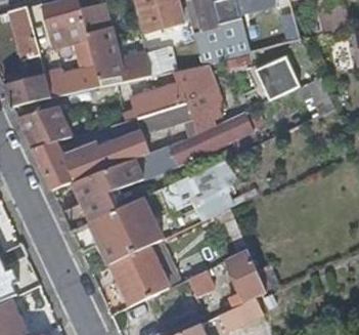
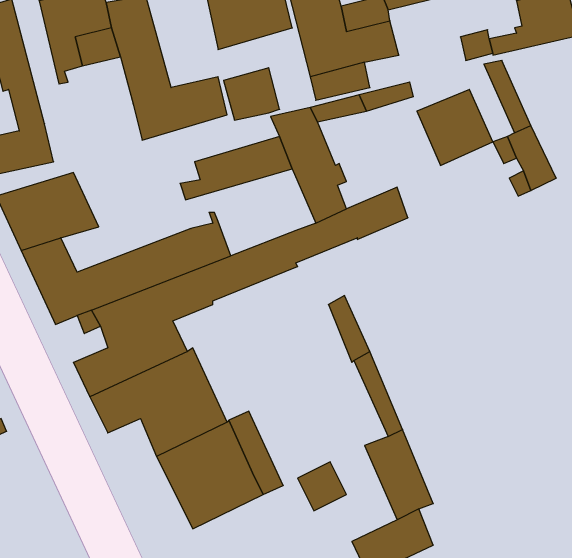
building: [45,66,100,98] -> none
building: [125,102,198,137] -> none

